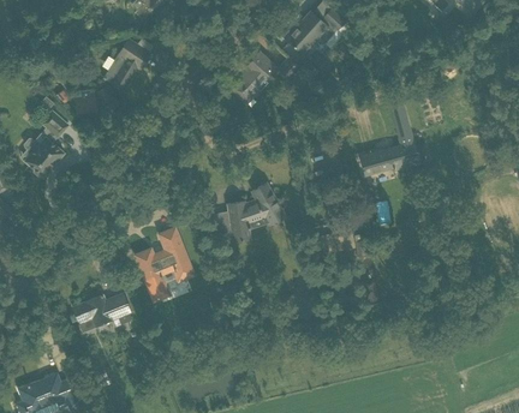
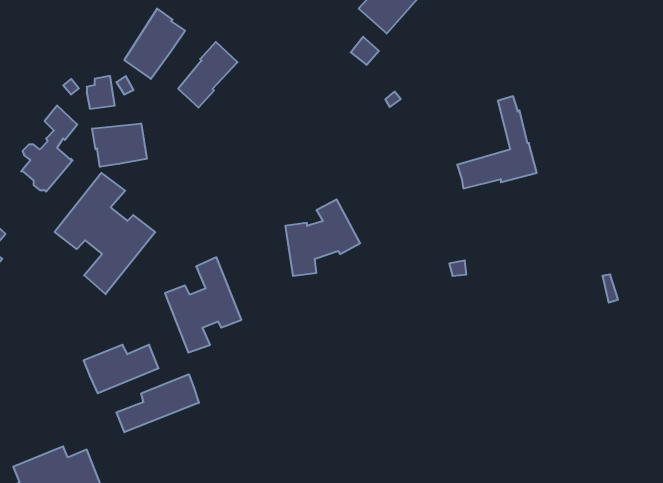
building: [231,52,276,102] -> [178,42,238,108]
building: none -> [92,123,147,167]
building: none -> [55,173,155,294]
building: none -> [116,374,199,432]

